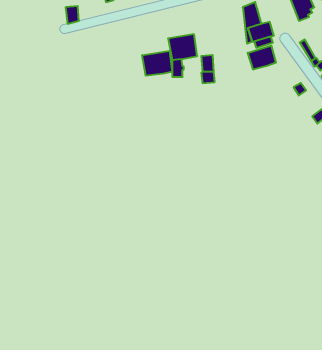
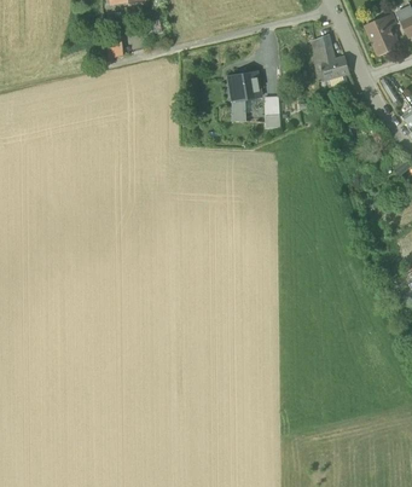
building: [248,46,276,70] -> none
building: [142,51,172,76] -> none

